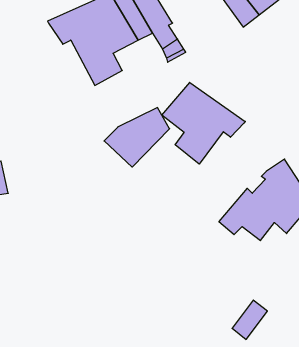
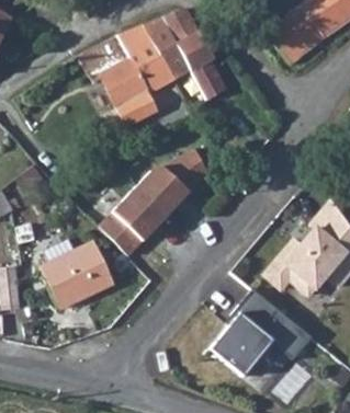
building: [162,82,245,164] -> none
building: none -> [99,186,168,254]
building: none -> [39,242,113,310]
building: none -> [207,289,309,376]

